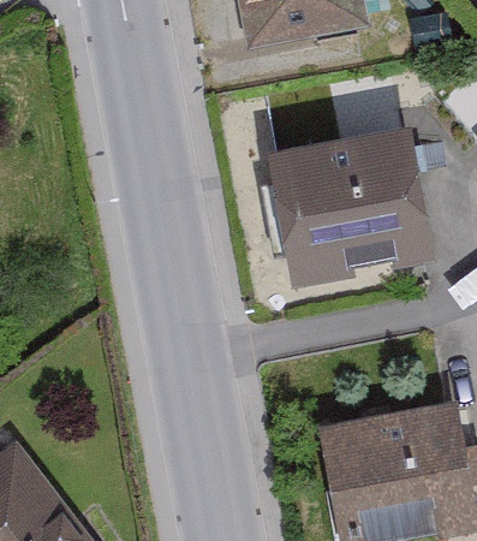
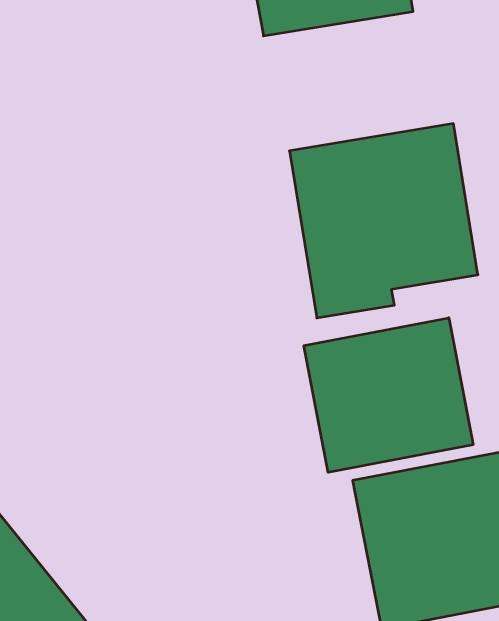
building: none -> [304,318,473,472]

